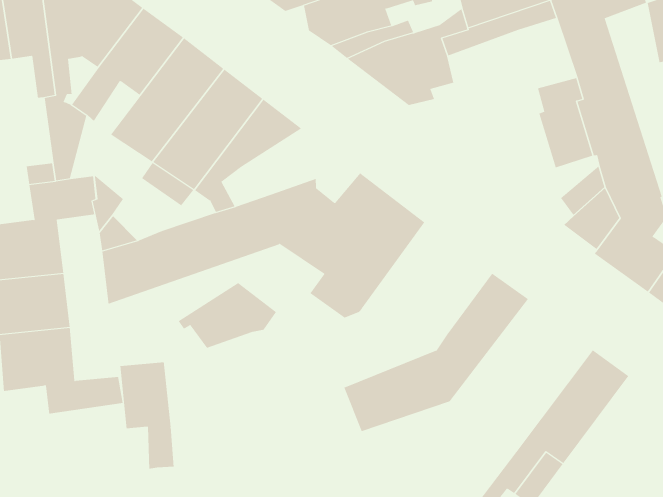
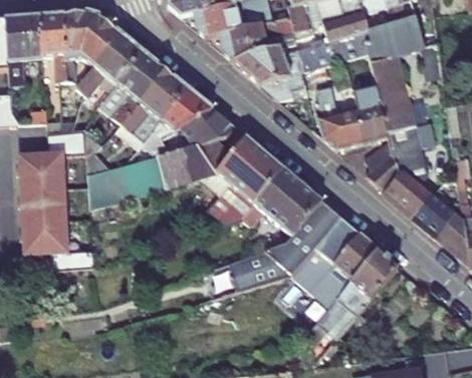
building: none -> [315,85,363,147]
building: none -> [243,168,321,236]
building: [178,283,277,348] -> [176,108,235,146]
building: none -> [292,218,379,308]
building: [120,361,174,470] -> none

